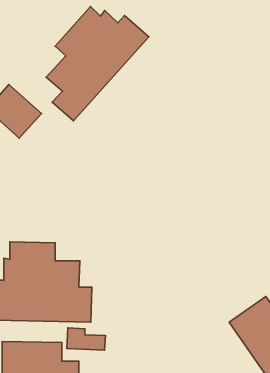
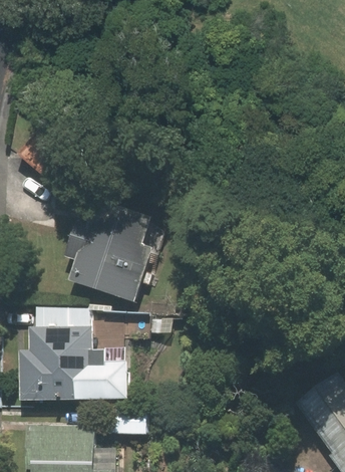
building: [46,7,149,121] -> none
building: none -> [65,203,156,302]

